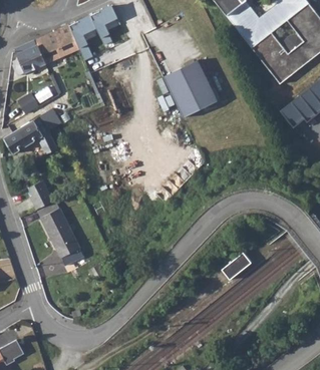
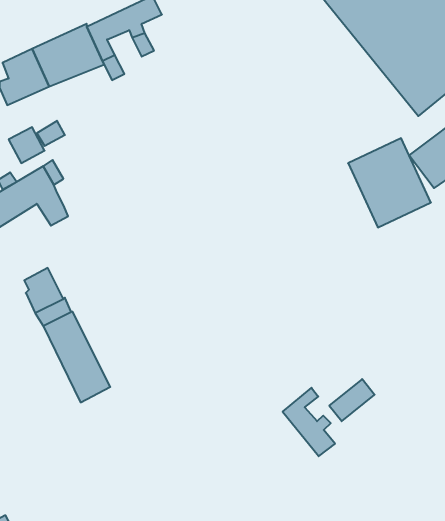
building: [164,60,217,117] -> [348,138,431,227]
building: none -> [283,388,335,456]

